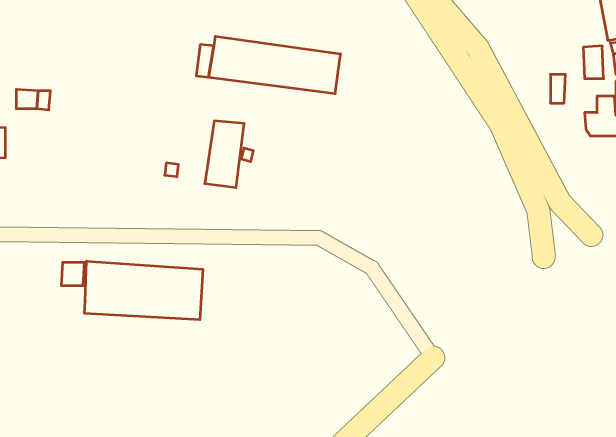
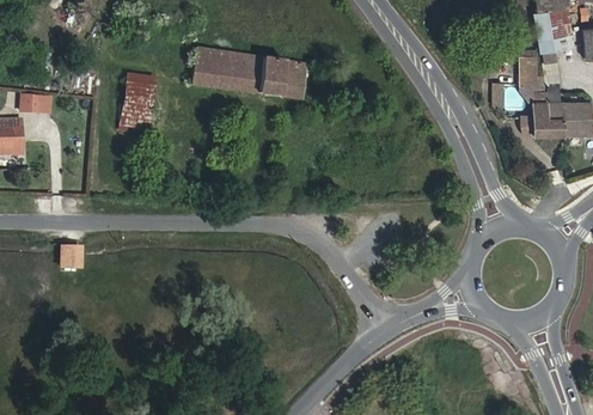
building: [205,121,244,188] -> [121,74,155,133]
building: [85,261,203,320] -> none

